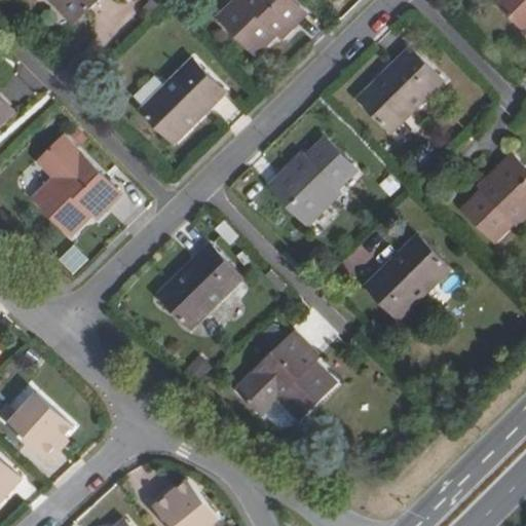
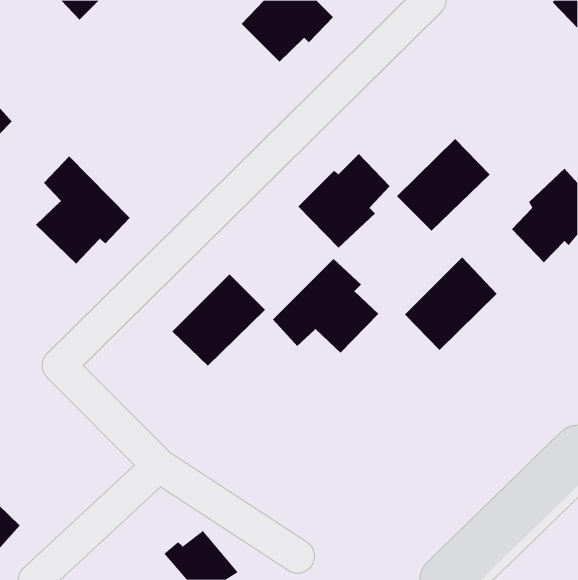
building: [359,45,444,129] -> [396,138,490,231]
building: [141,58,224,143] -> none
building: [238,335,335,421] -> [272,258,379,354]
building: [8,389,73,458] -> none

